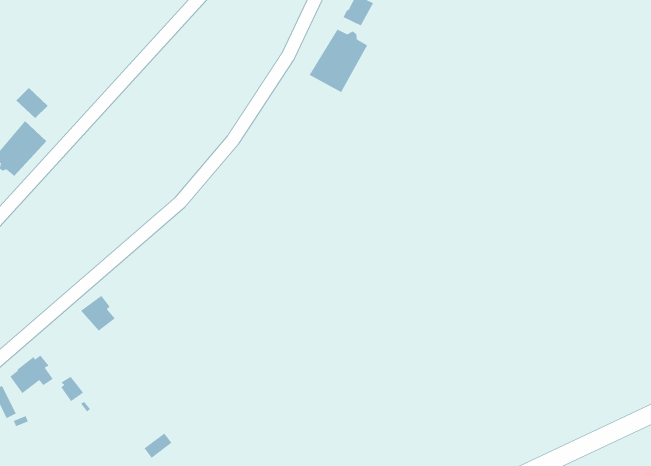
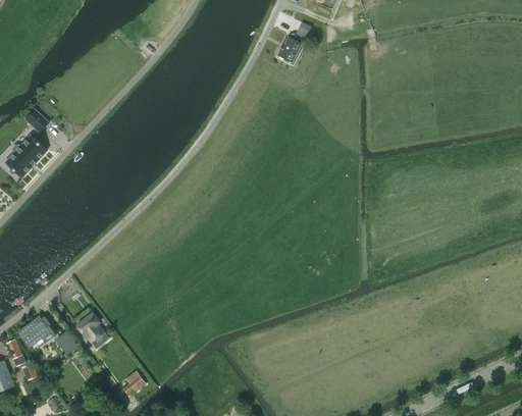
building: [309,28,368,93] -> none
building: [80,295,116,332] -> [76,312,104,341]

